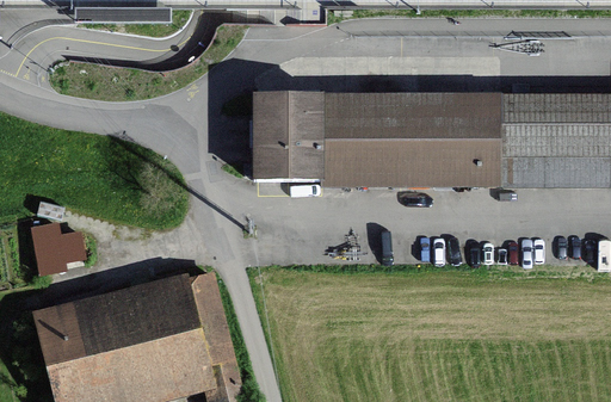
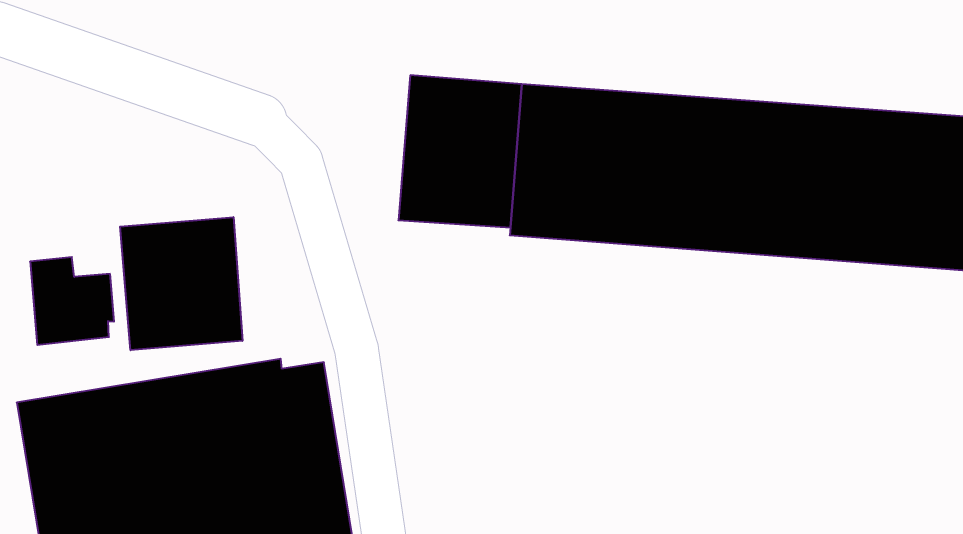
building: none -> [120,217,242,350]

